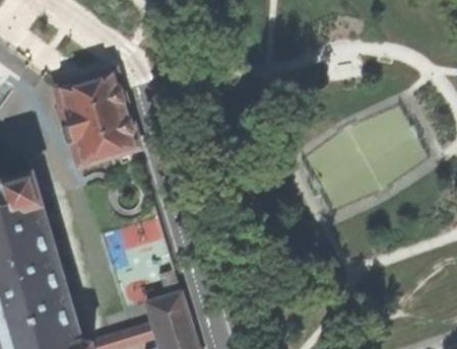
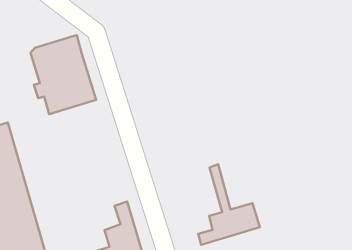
building: none -> [198,164,260,245]

